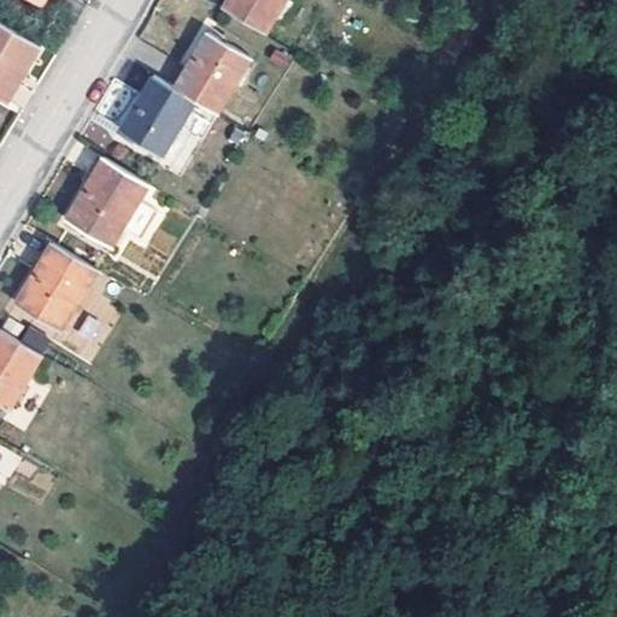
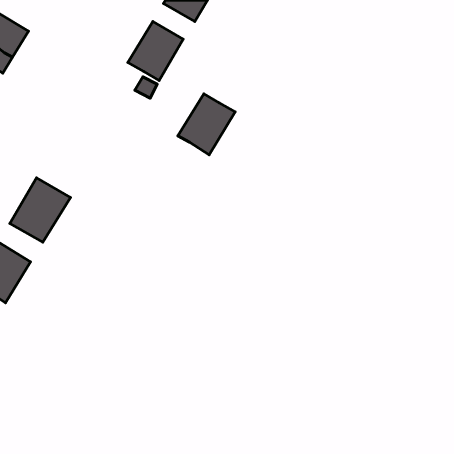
building: [117,76,194,158] -> [178,94,235,155]
building: [64,158,147,247] -> none

